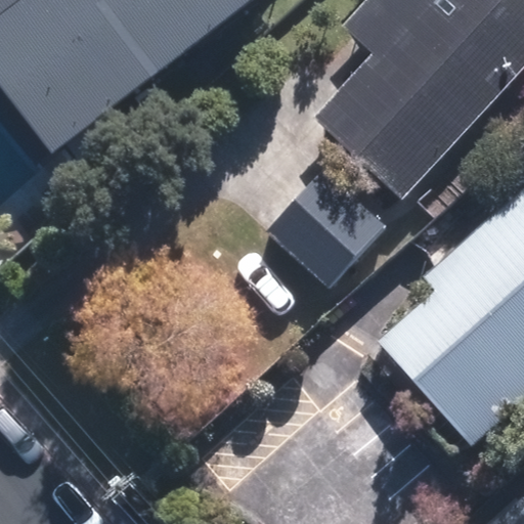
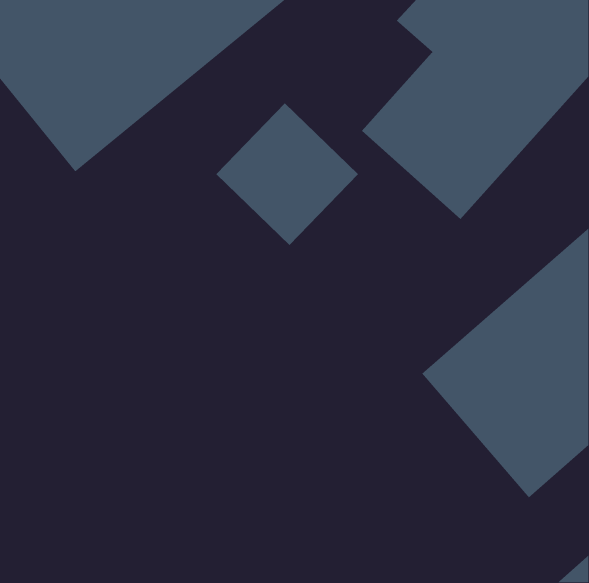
building: [259,165,386,292] -> [215,103,359,246]

